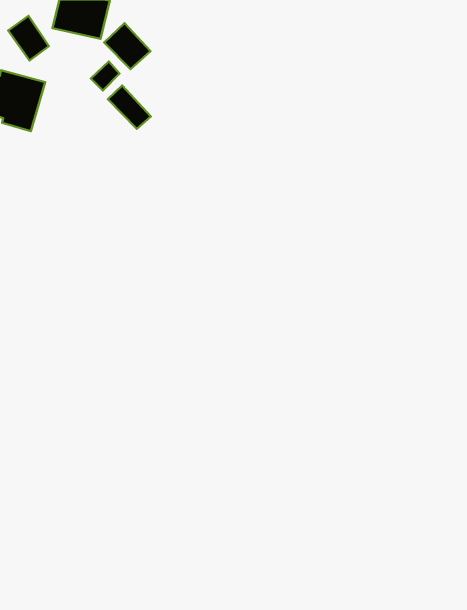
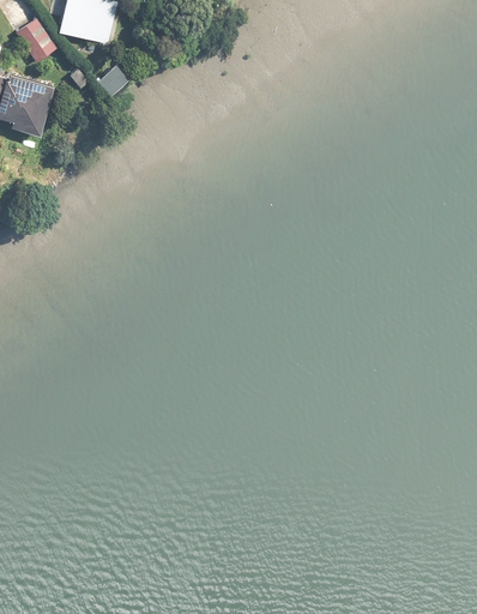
building: [104,23,150,69] -> none
building: [108,85,151,129] -> none

